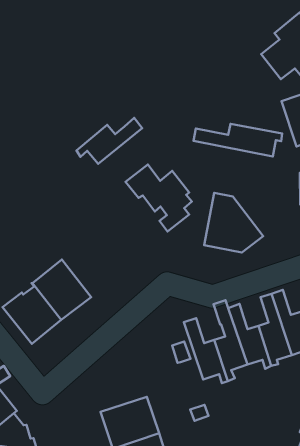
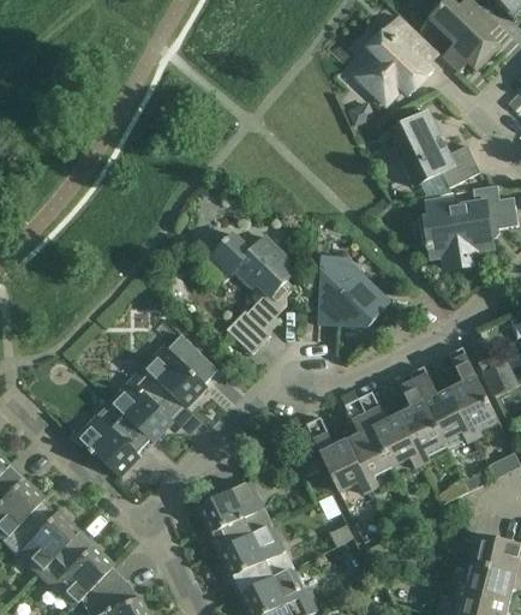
building: [77,118,142,164] -> none
building: [194,124,282,157] -> none
building: none -> [227,310,269,352]
building: none -> [142,333,217,407]
building: none -> [196,479,271,549]

